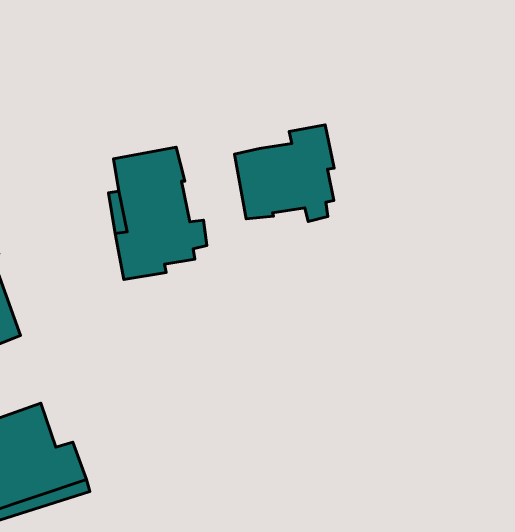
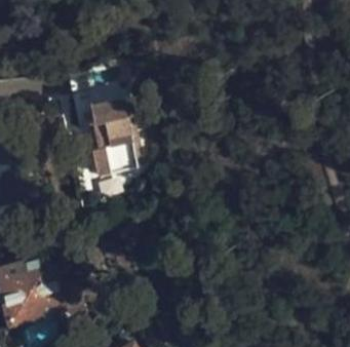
building: [234,125,334,222] -> none

